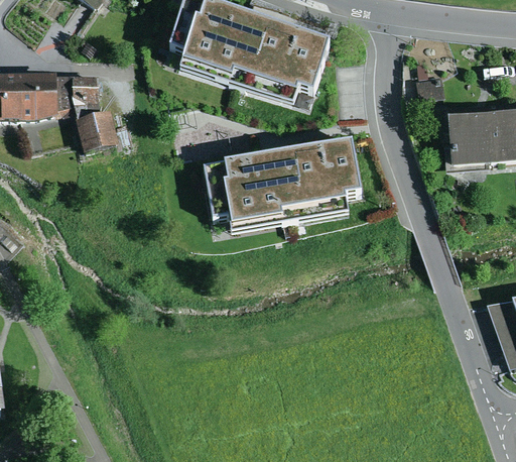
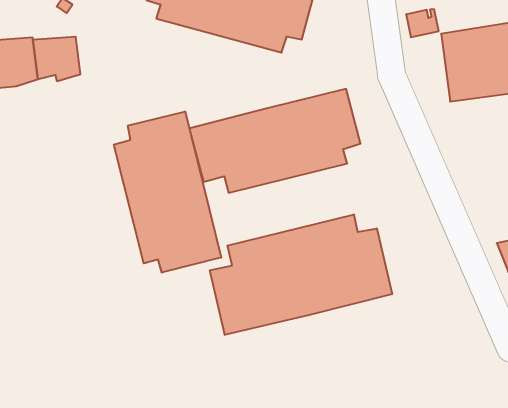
building: [77,110,118,152] -> none
building: none -> [114,111,221,273]
building: none -> [210,214,392,335]

